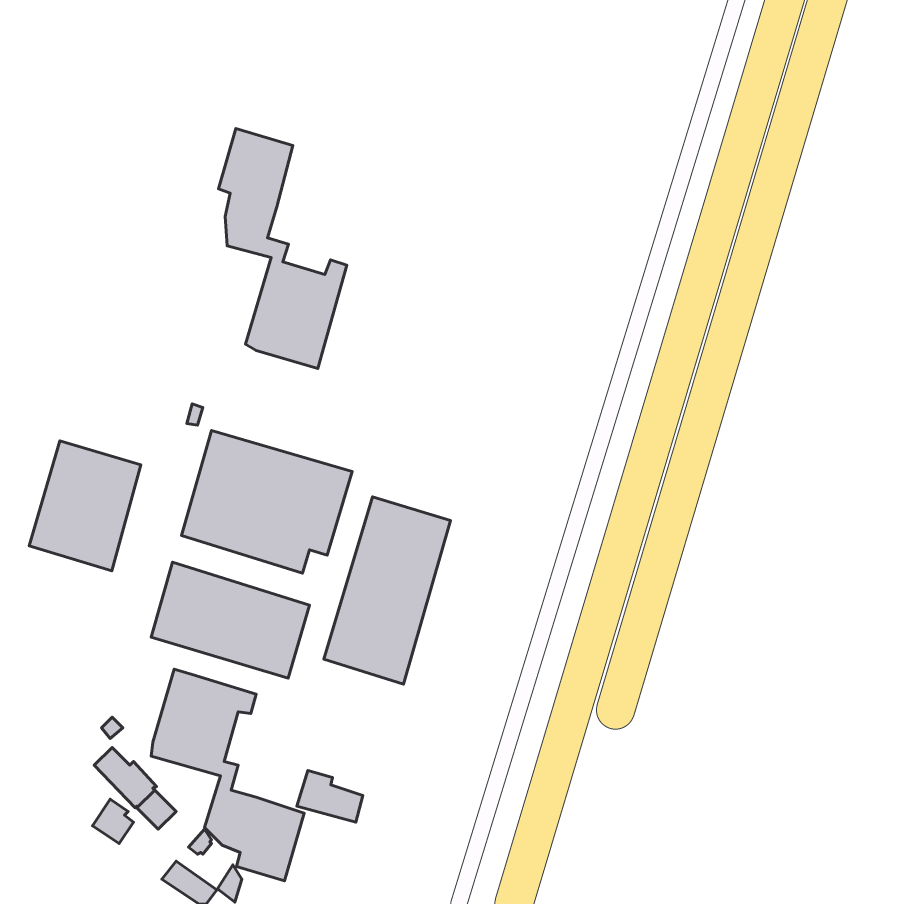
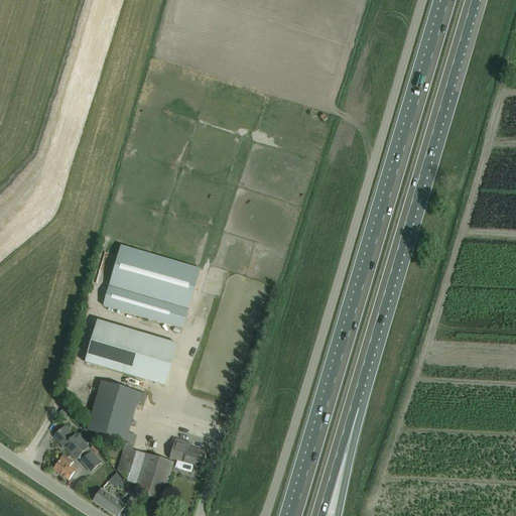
building: [219,129,347,368] -> none
building: [29,441,141,571] -> none
building: [324,497,450,684] -> none

